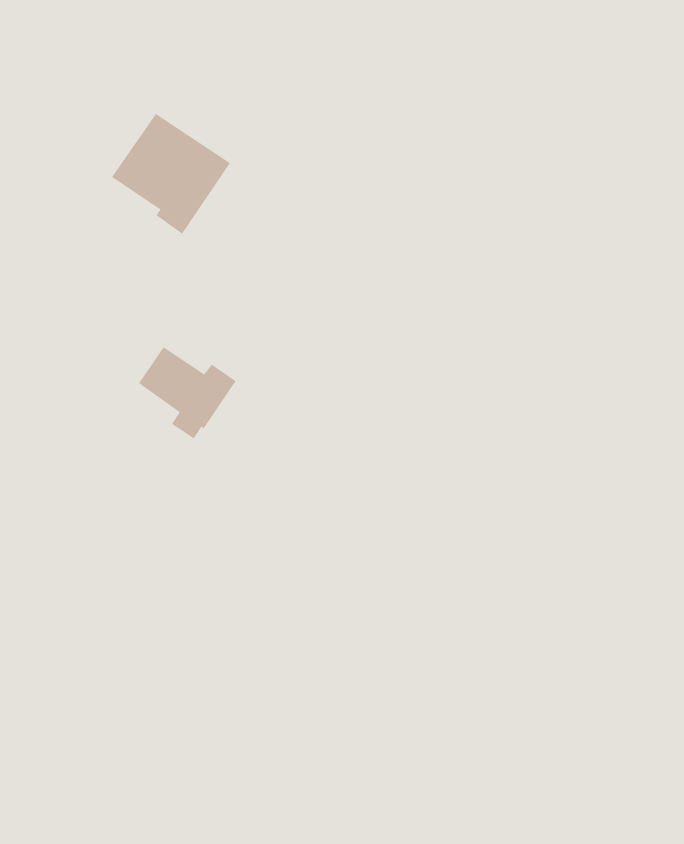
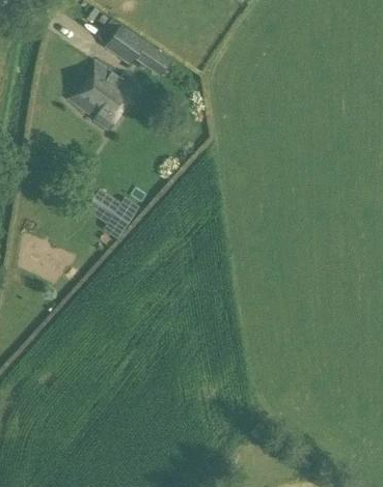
building: none -> [106,24,172,77]

